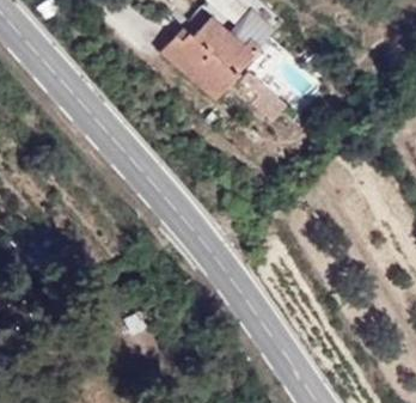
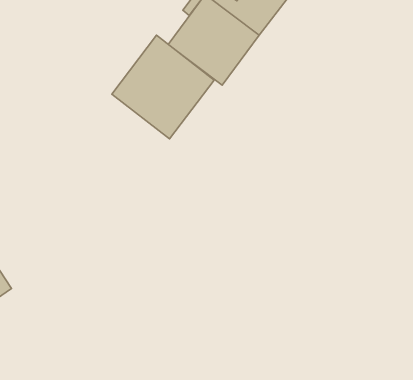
building: none -> [112,35,214,139]

